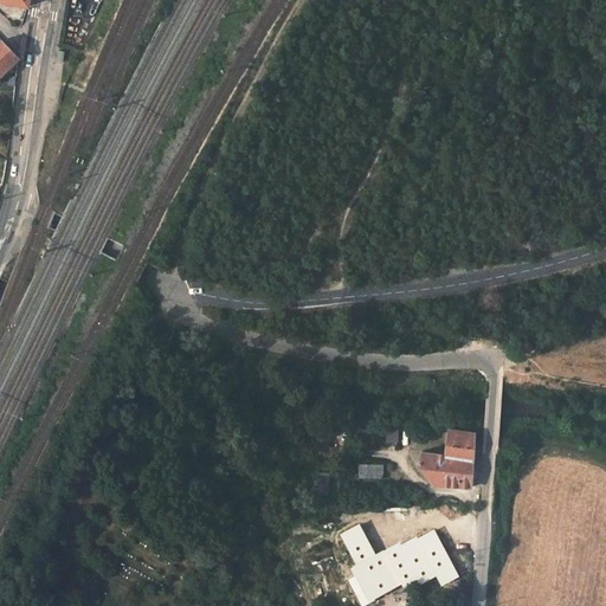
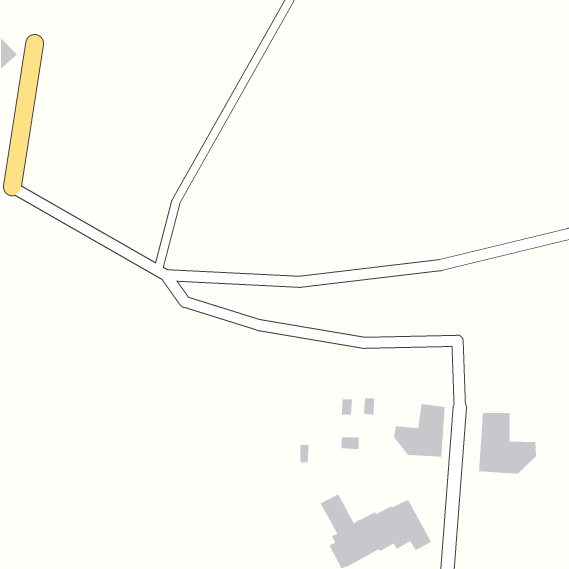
building: none -> [478,412,537,475]

